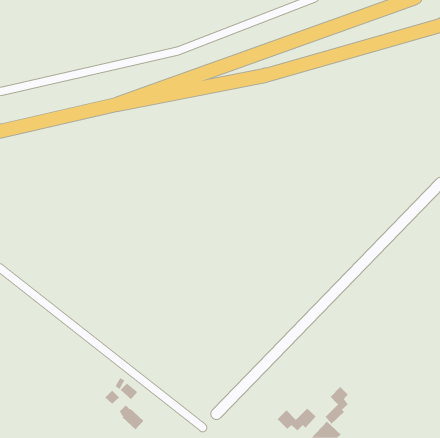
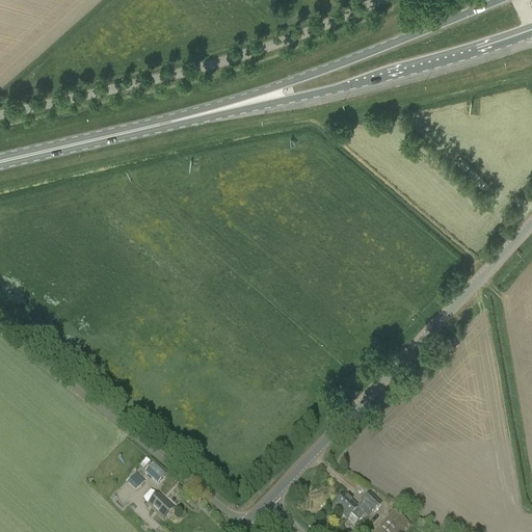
building: [325,386,349,424] -> none

